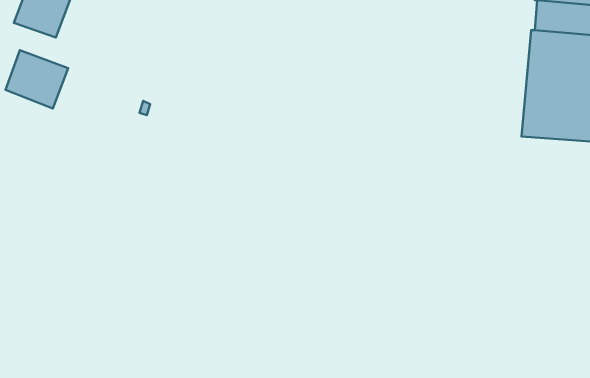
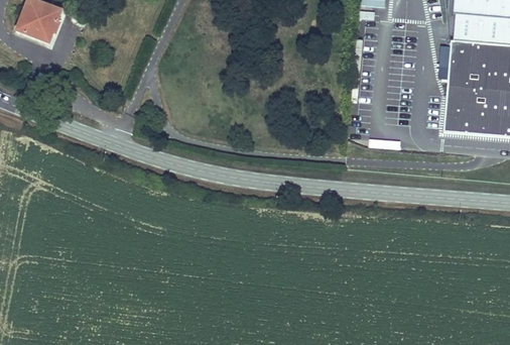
building: [5,50,68,109] -> none

